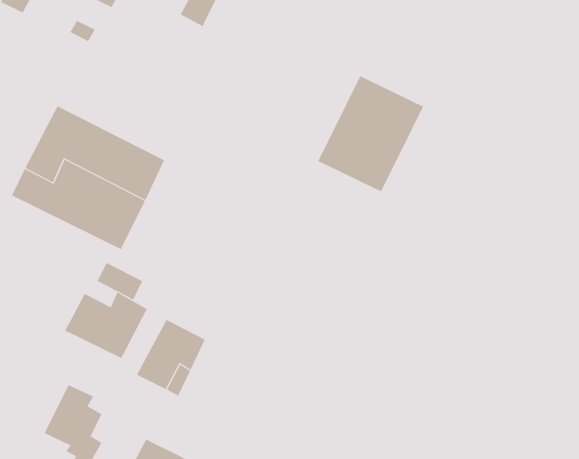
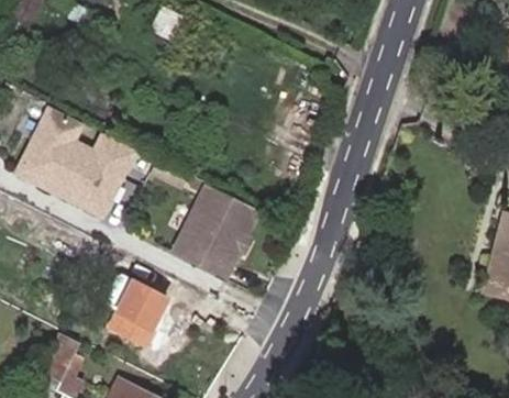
building: [318,75,424,192] -> [174,184,259,278]
building: [65,292,147,359] -> none

